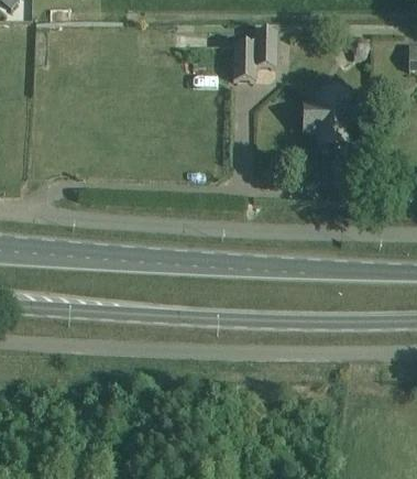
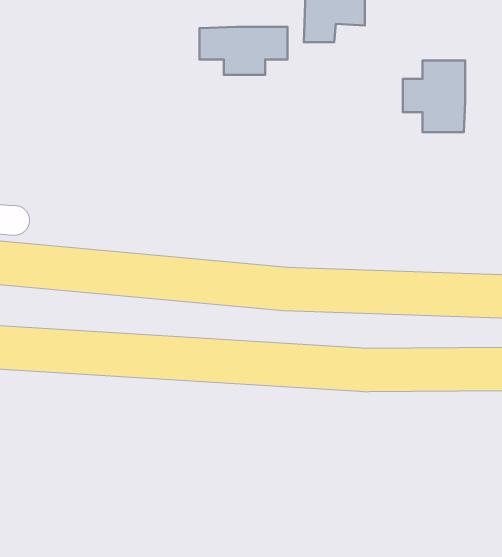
building: none -> [199,27,287,75]

